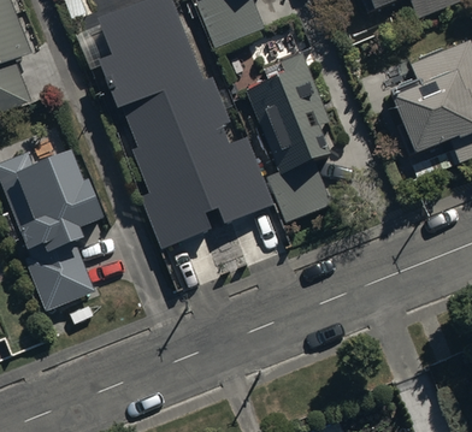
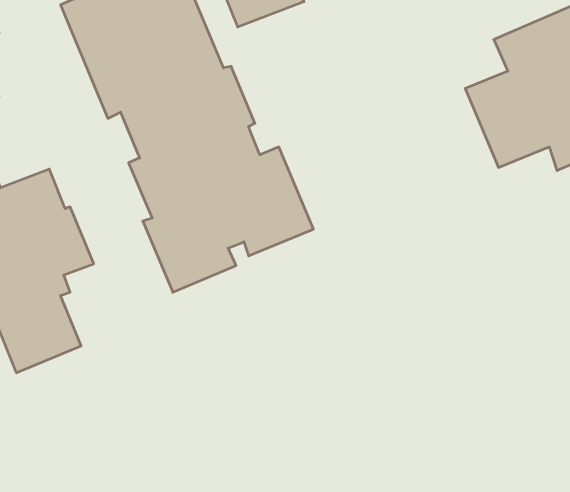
building: [238,54,331,223] -> none

